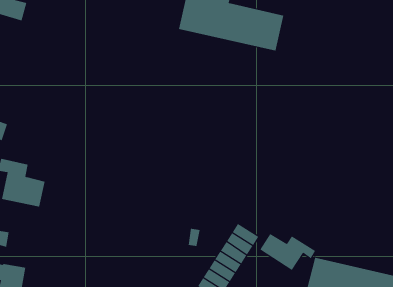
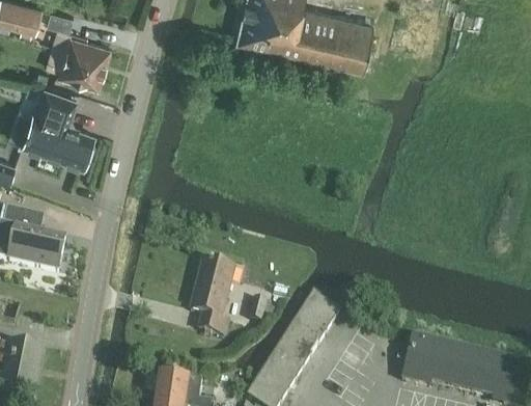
building: none -> [47,31,108,87]
building: none -> [11,88,92,165]
building: none -> [189,260,232,336]
building: [259,233,316,271] -> none

